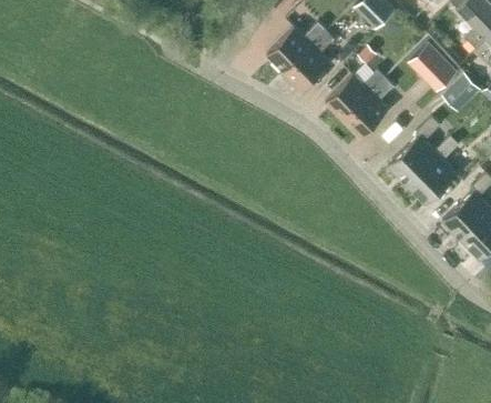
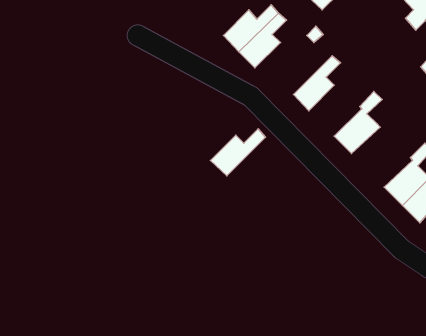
building: [408,43,457,91] -> none
building: [326,69,386,120] -> [210,129,265,176]
building: [441,73,479,109] -> none
building: [407,137,458,204] -> none

